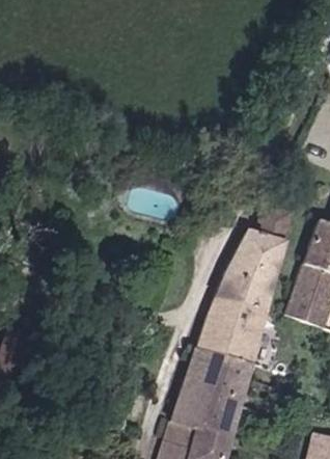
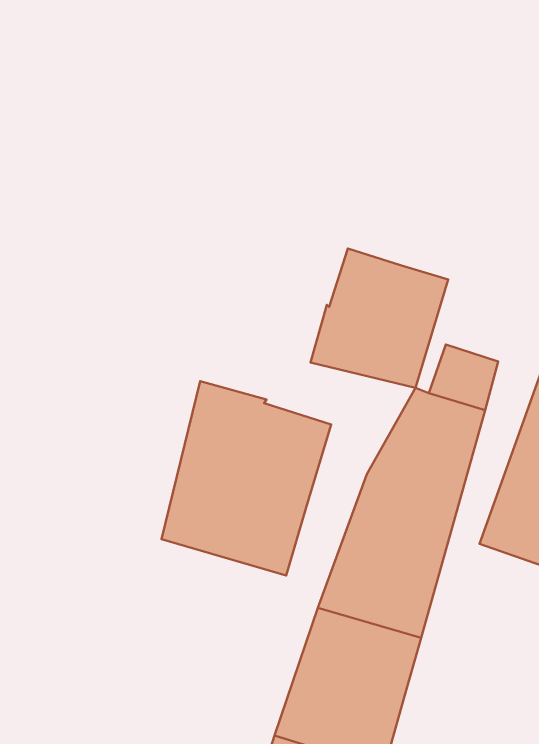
building: none -> [310,248,448,388]
building: none -> [161,381,331,575]

